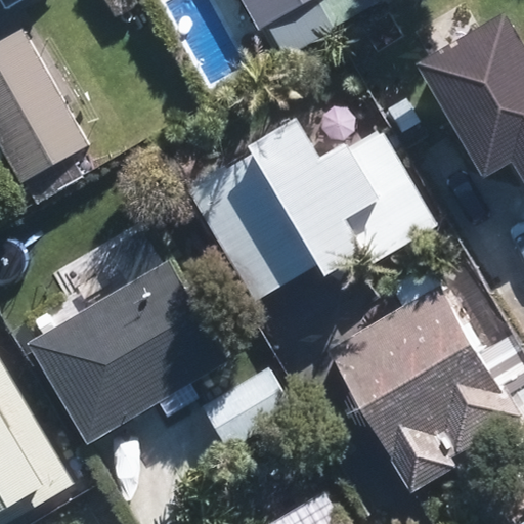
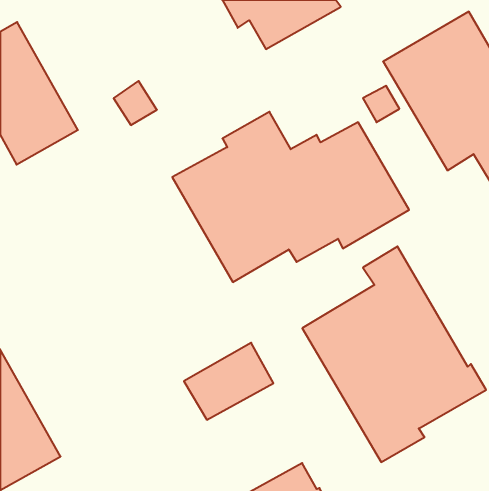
building: [26,257,228,445] -> none

